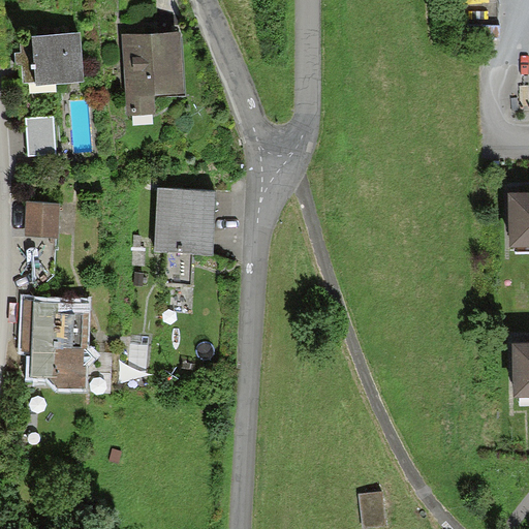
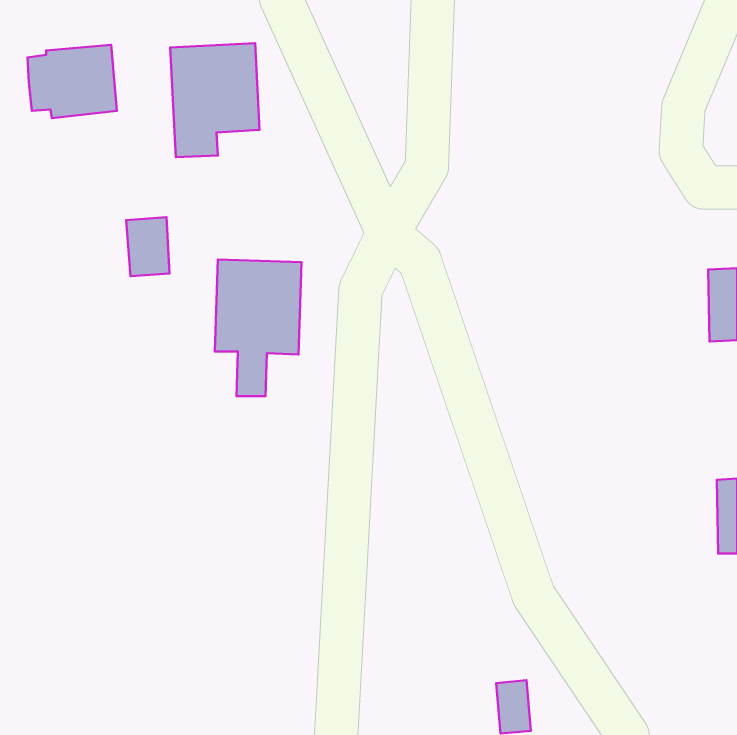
building: [25,115,56,157] -> [126,217,170,276]
building: [25,200,60,237] -> none
building: [22,297,92,387] -> none

